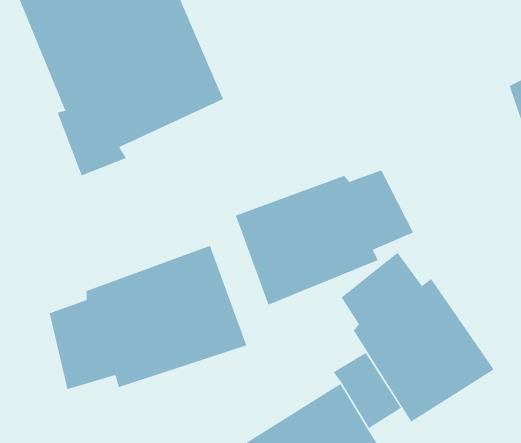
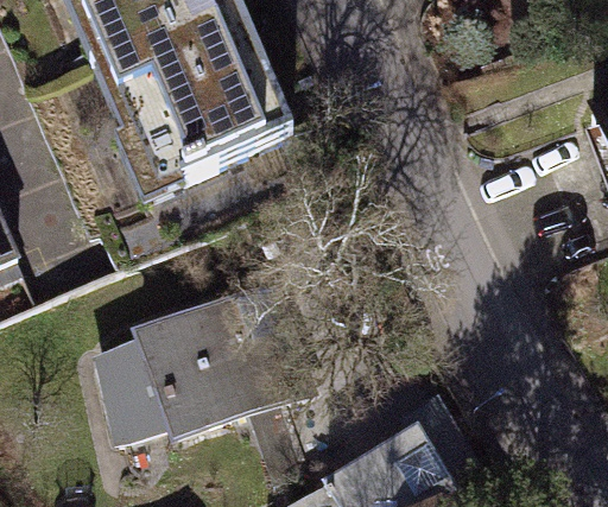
building: [235,169,414,305] -> none
building: [341,252,494,423] -> none

